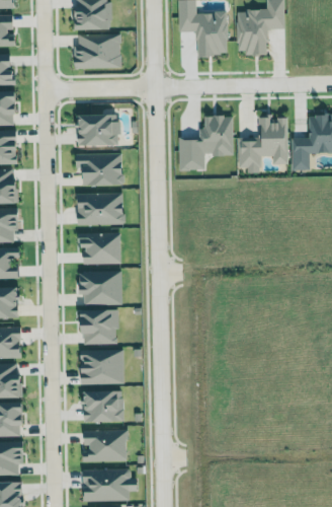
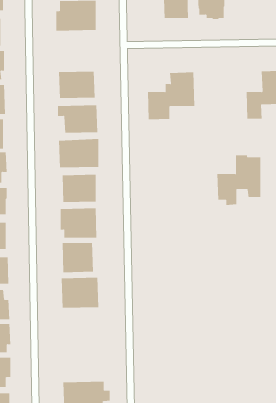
building: [237,116,287,173] -> [217,155,261,206]
building: [83,391,122,422] -> none
building: [83,430,127,461] -> none

